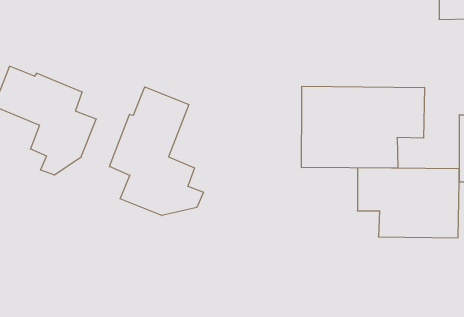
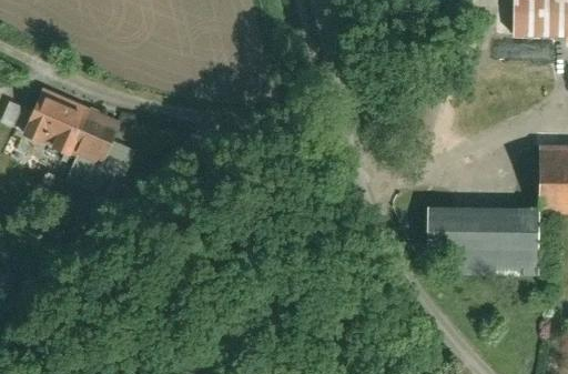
building: [302,86,425,168] -> none
building: [109,87,203,216] -> none

